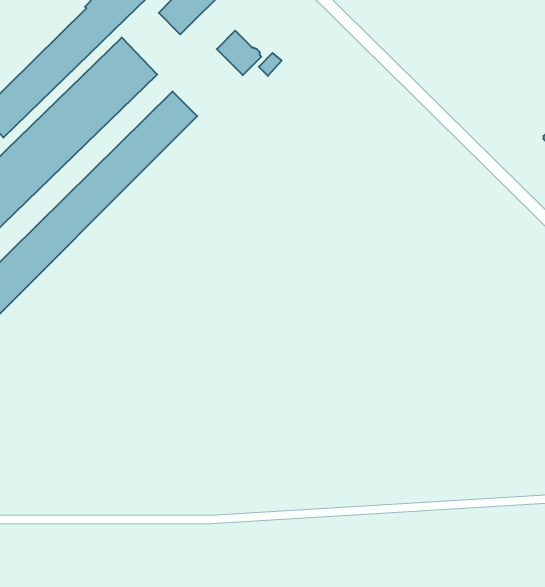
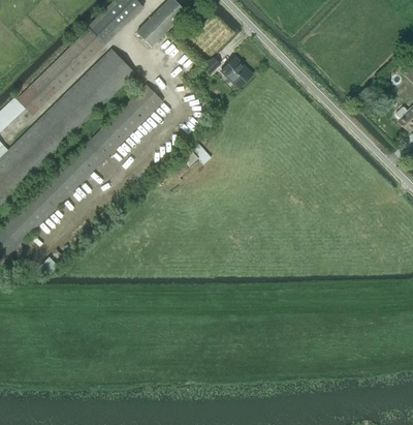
building: [217,31,261,75] -> [221,57,251,87]

